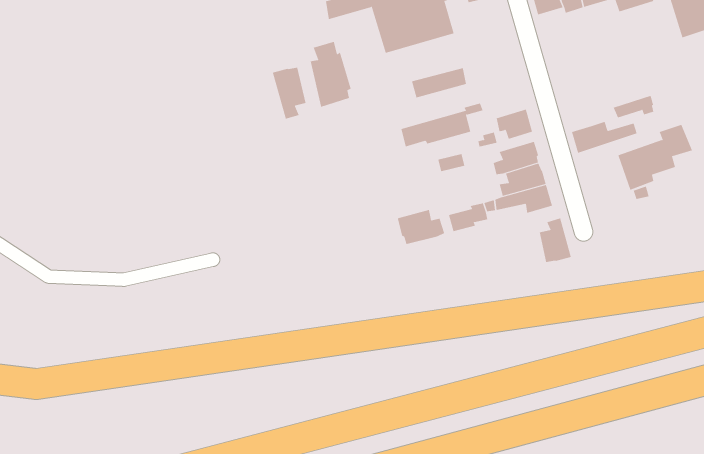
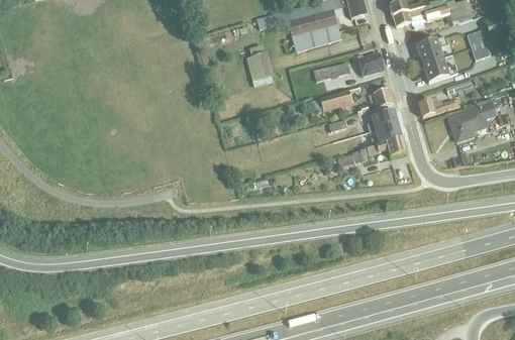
building: none -> [467,29,491,60]
building: none -> [416,35,456,82]
building: none -> [356,53,383,75]
building: [272,67,306,120] -> none
building: [397,209,445,245] -> none
building: [539,218,572,263] -> none

